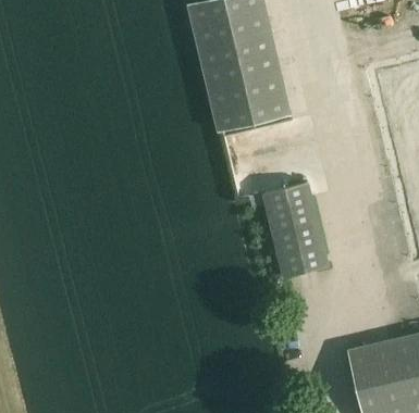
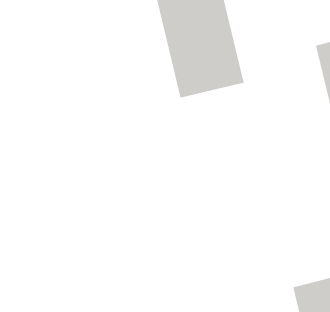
building: [263,184,331,279] -> none

